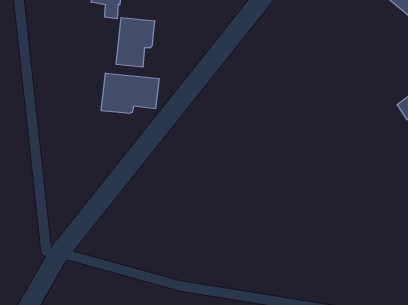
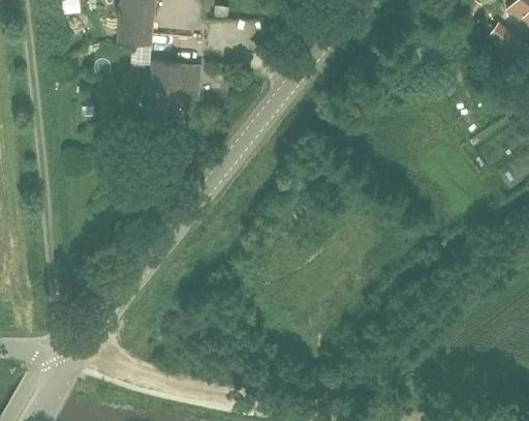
building: [101,73,159,114] -> none

